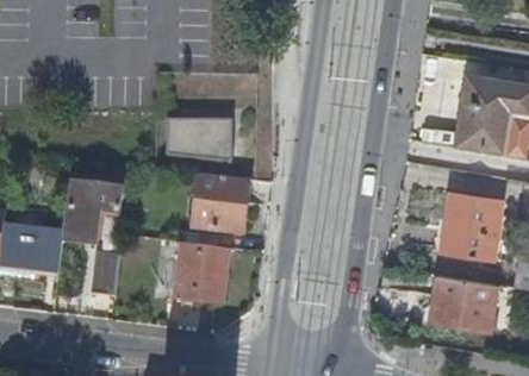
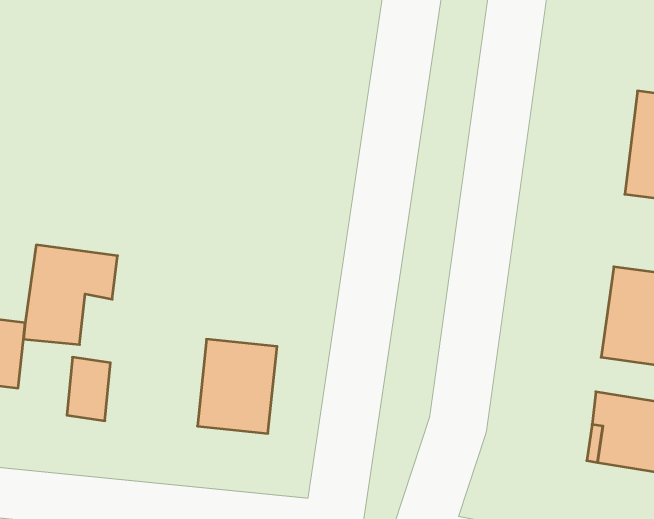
building: [164,118,231,164] -> none
building: [187,171,251,238] -> none

